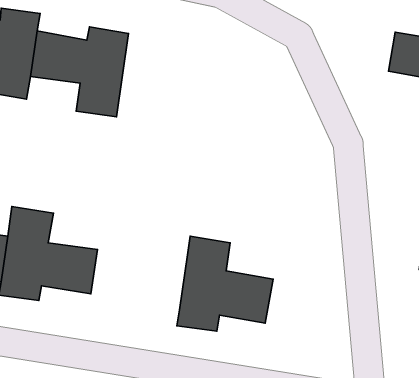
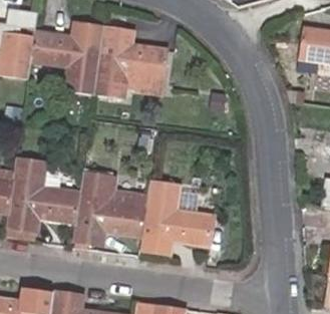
building: none -> [96,29,170,96]
building: none -> [75,173,149,241]

